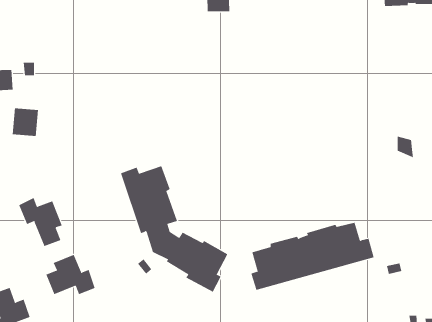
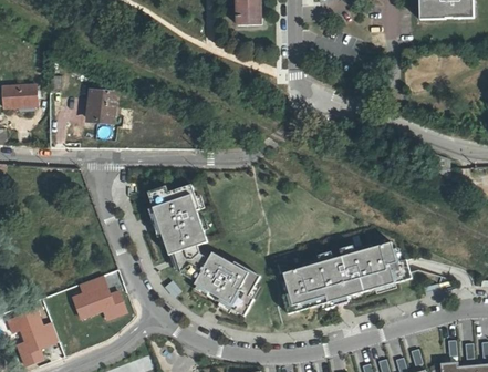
building: [12,108,39,137] -> [86,91,114,121]
building: [19,197,63,247] -> none

